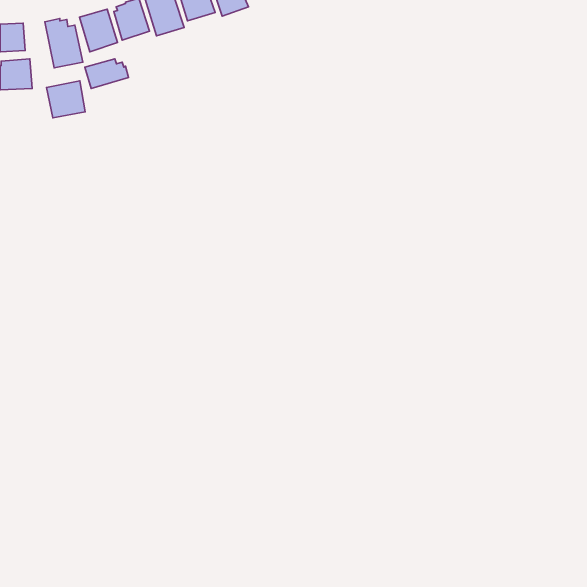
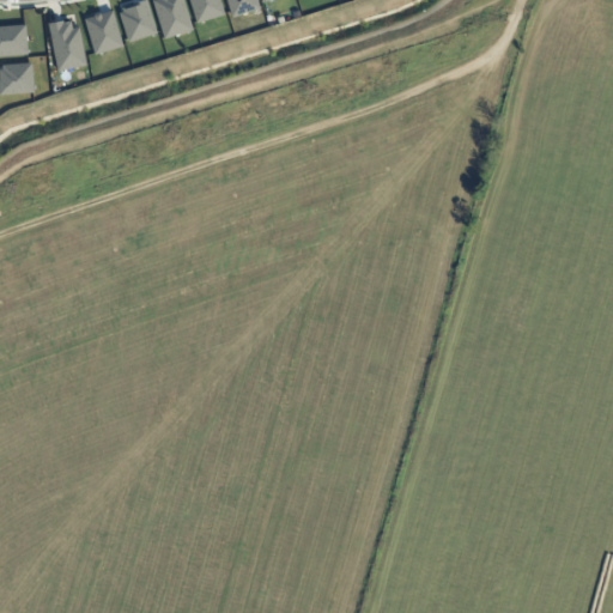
building: [85,59,128,88] -> none
building: [47,81,85,118] -> none

